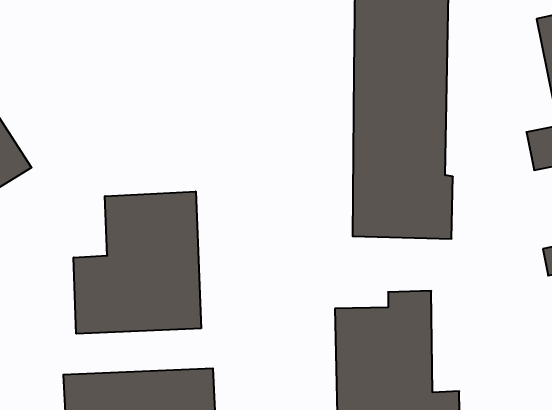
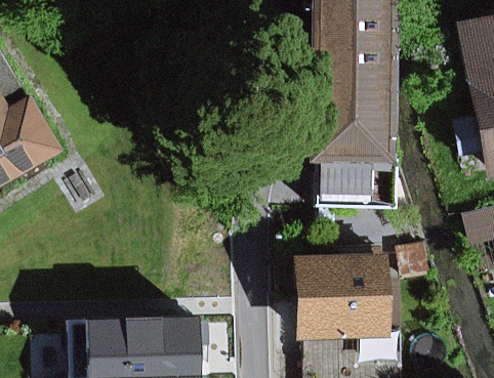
building: [74,191,201,334] -> none

